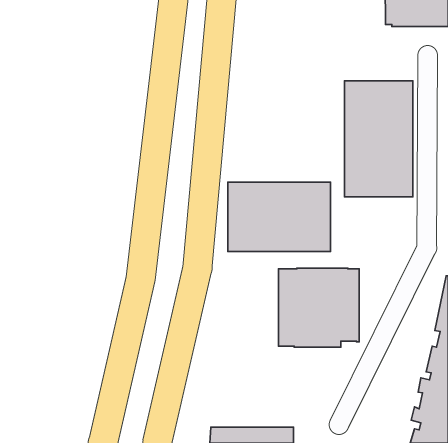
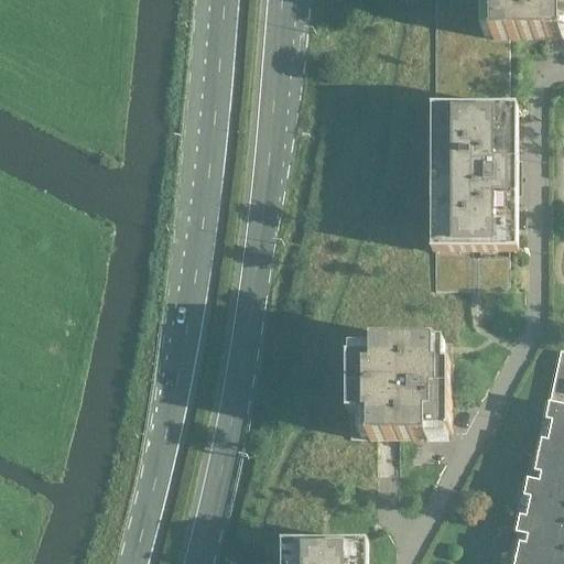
building: [228,182,330,251] -> none

